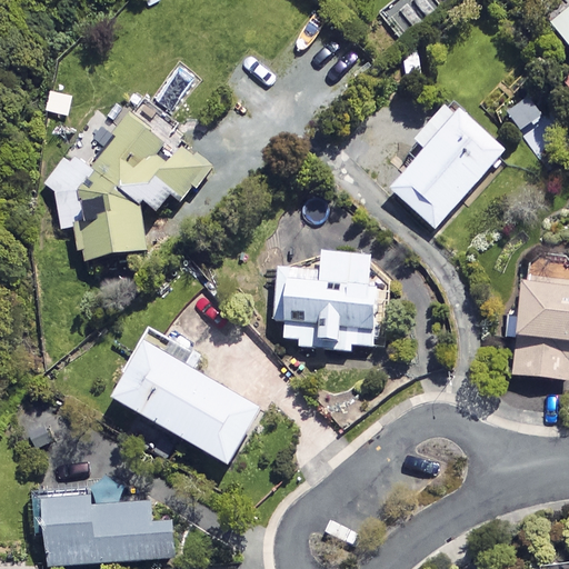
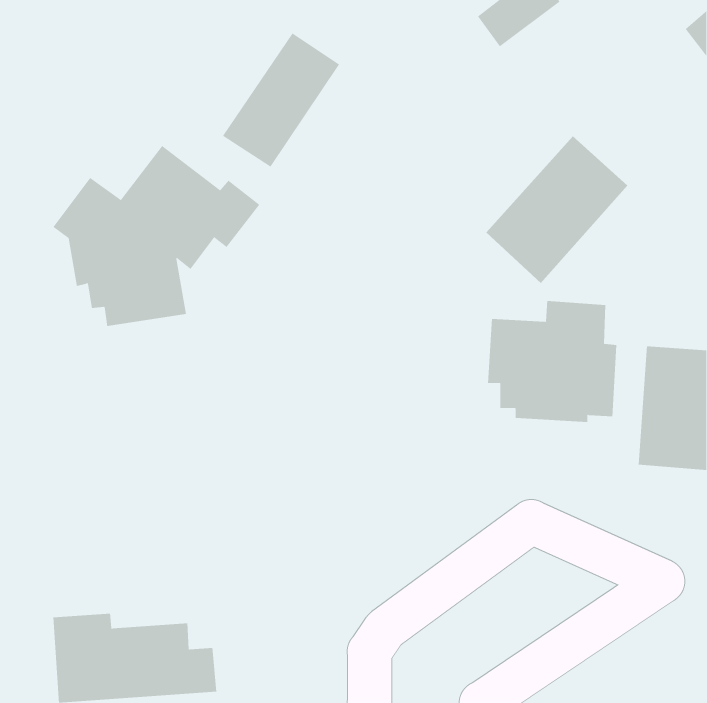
building: none -> [222,32,340,168]
building: [274,252,379,350] -> [487,301,617,422]
building: [110,340,262,465] -> none

